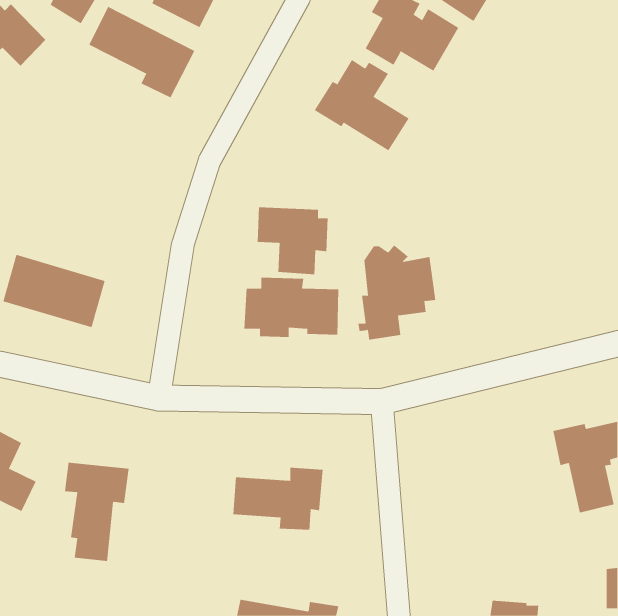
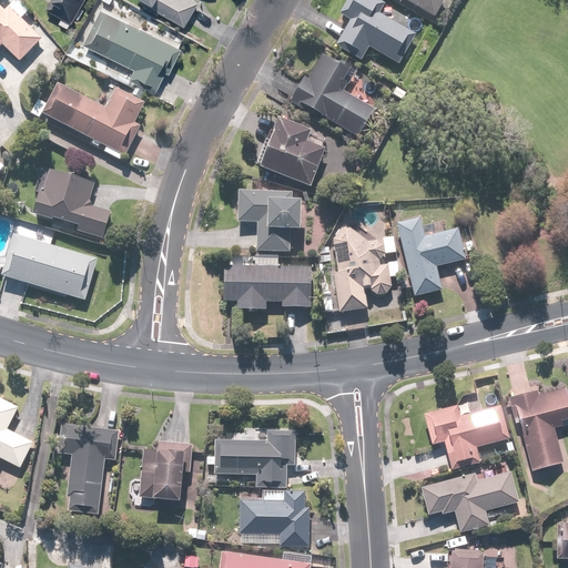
building: none -> [30,82,145,159]
building: none -> [258,118,324,187]
building: none -> [31,168,112,237]
building: none -> [395,216,465,296]
building: none -> [424,404,509,469]
building: none -> [139,440,192,501]
building: none -> [418,469,520,535]
building: none -> [239,489,308,545]

